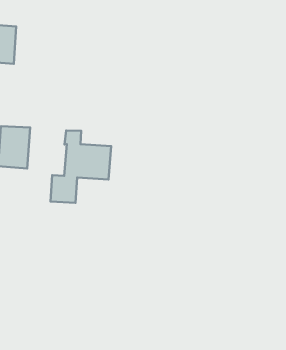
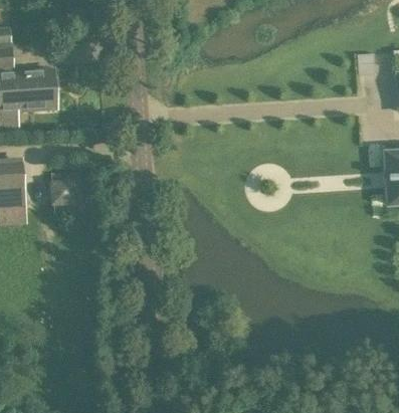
building: [50,130,111,203] -> none

